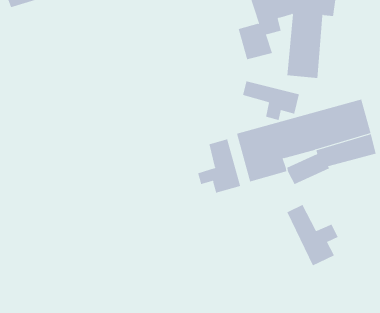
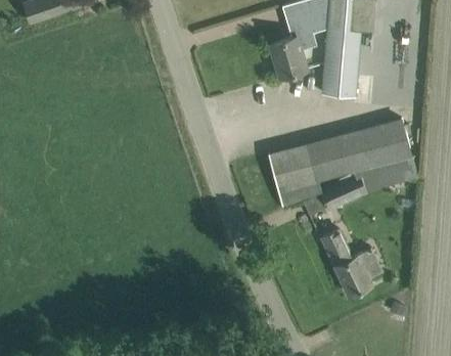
building: [242,80,300,121] -> none
building: [198,139,241,193] -> none

